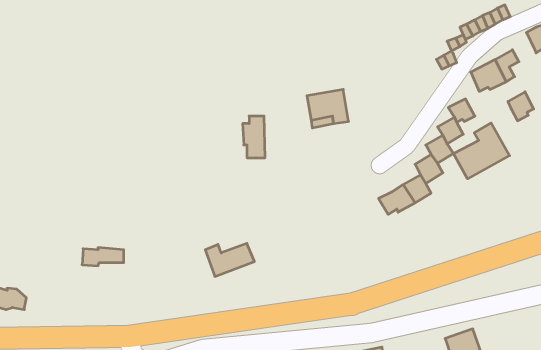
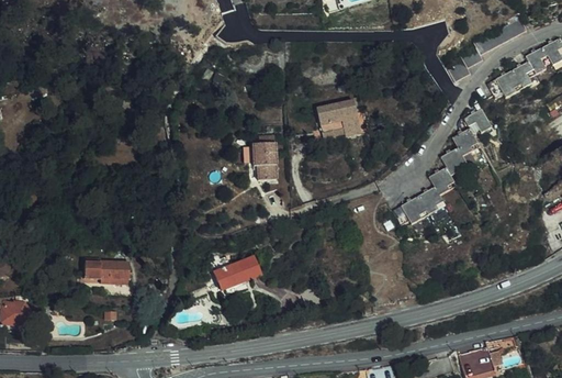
building: [508,92,534,121] -> [525,41,551,70]
building: [454,123,510,179] -> none

